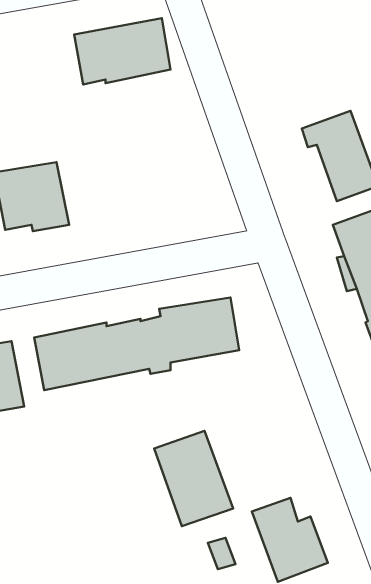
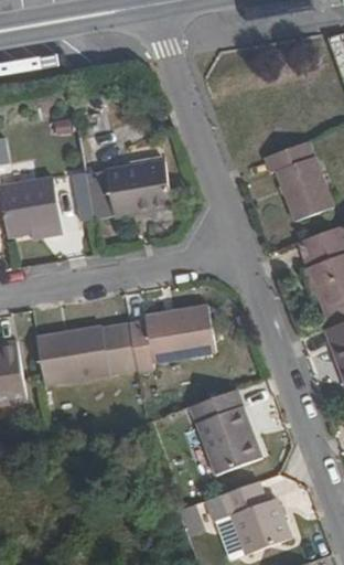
building: [74,18,171,85] -> [84,157,169,215]
building: [154,431,233,526] -> [191,388,260,472]

